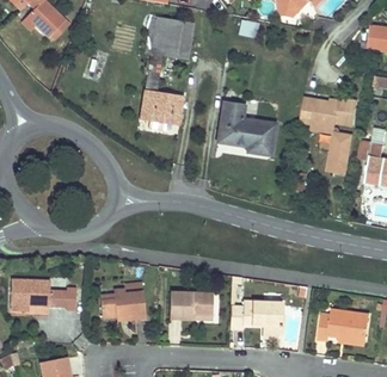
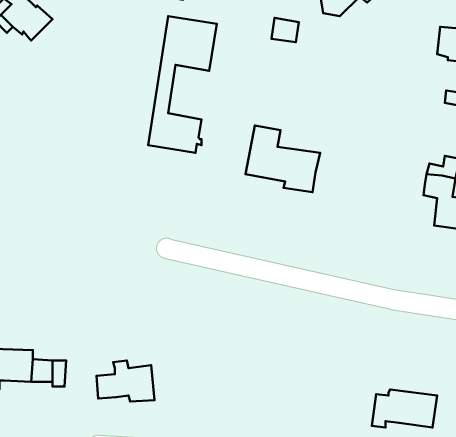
building: [300,97,357,174] -> none
building: [168,291,213,320] -> none
building: [229,301,282,338] -> none

